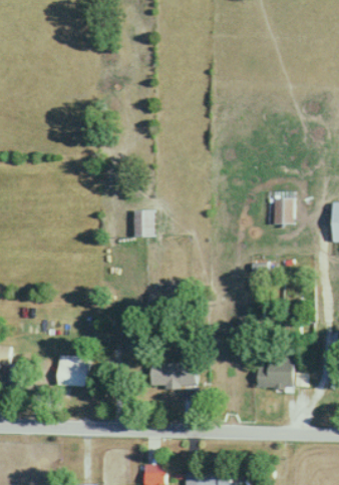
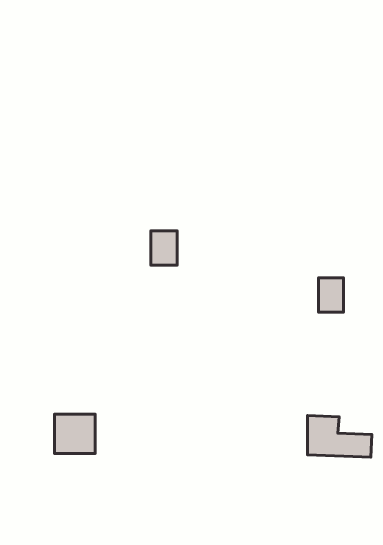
building: [274,197,294,224] -> [318,278,344,312]
building: [150,362,195,387] -> none

